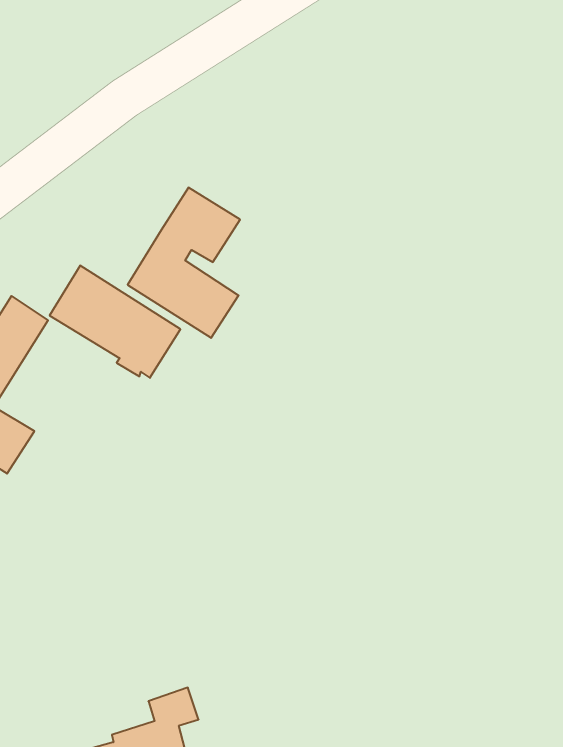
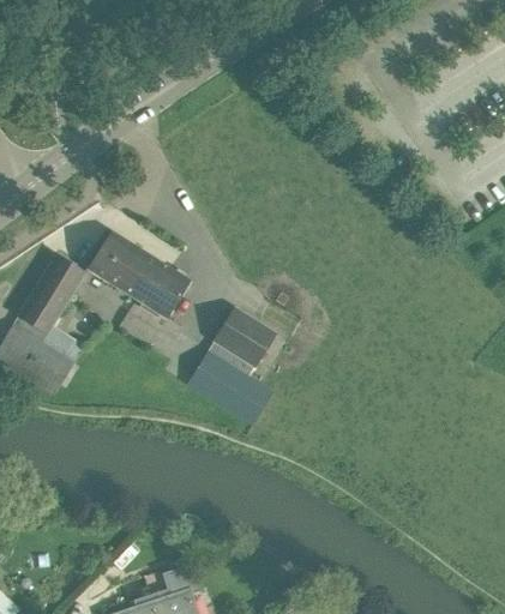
building: [128,188,240,338] -> [186,308,275,427]

